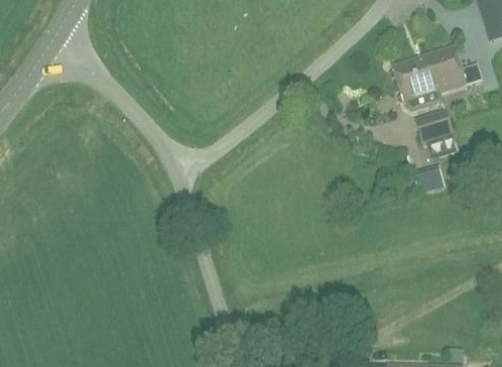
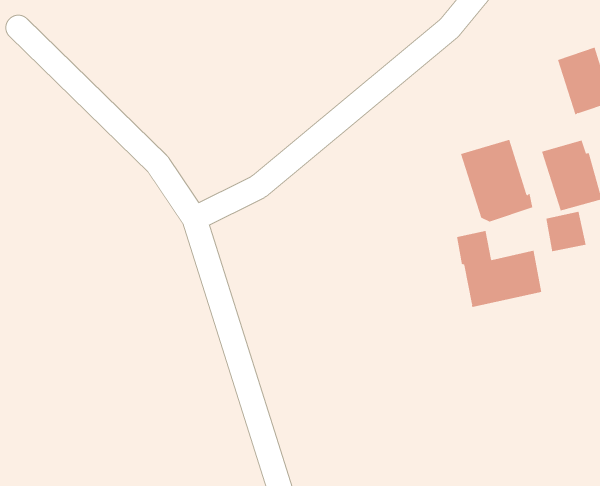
building: [392,54,443,112] -> [460,139,533,222]
building: none -> [456,230,542,308]

